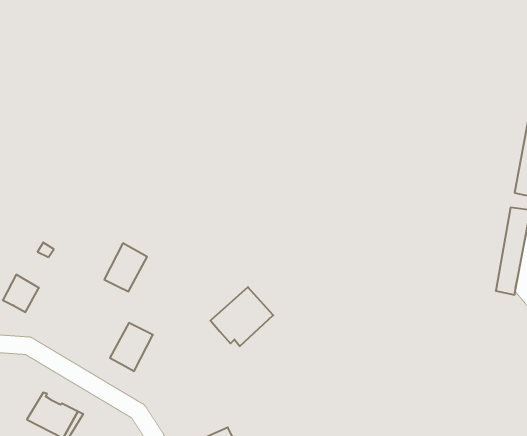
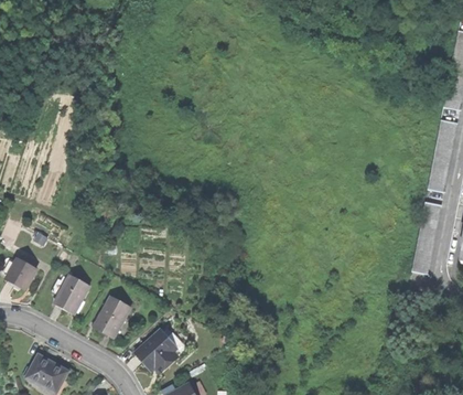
building: [104,243,147,292] -> [53,274,88,313]
building: [210,287,273,346] -> [133,324,185,373]

